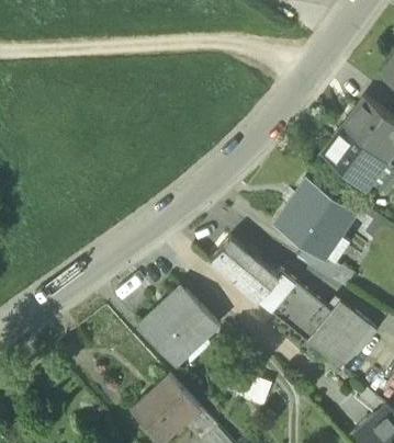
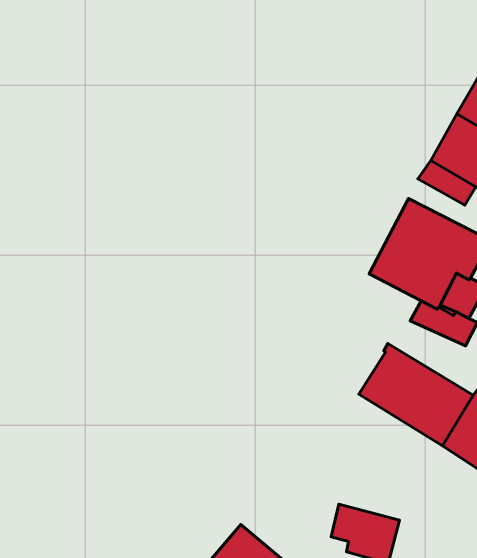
building: [207,236,277,299] -> none
building: [138,288,217,363] -> none

